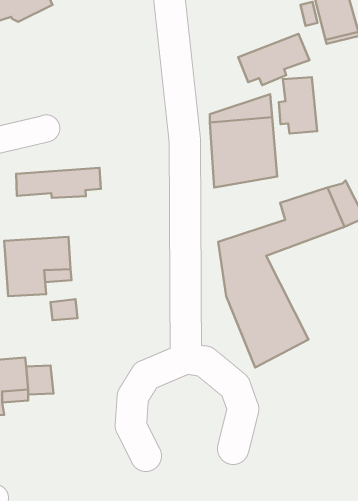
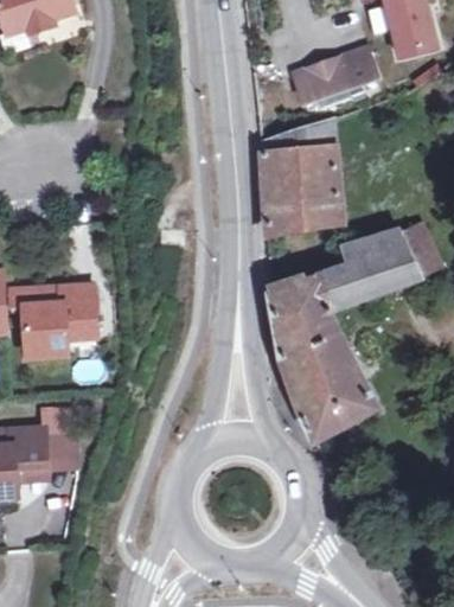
building: [279,77,317,133] -> none
building: [16,168,101,198] -> none

